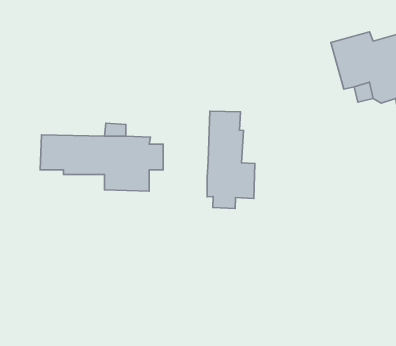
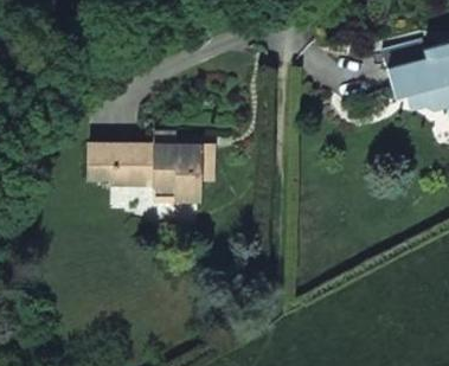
building: [207,111,255,209] -> none

